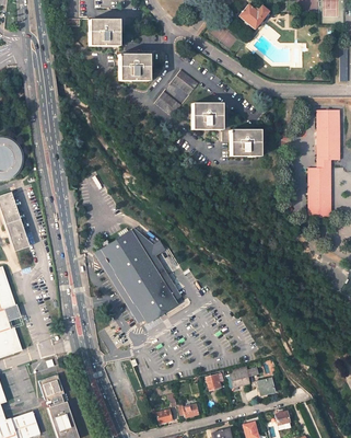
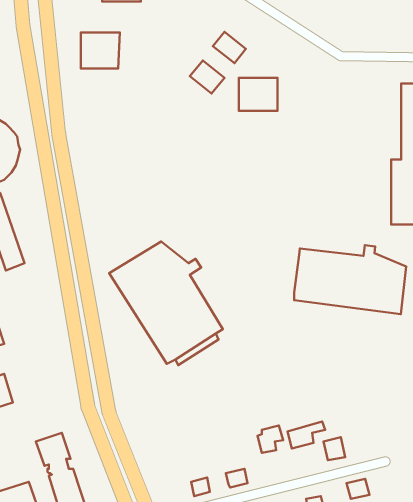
building: [120,54,150,81] -> [81,33,120,69]
building: [225,129,261,155] -> none
building: none -> [294,245,406,314]

